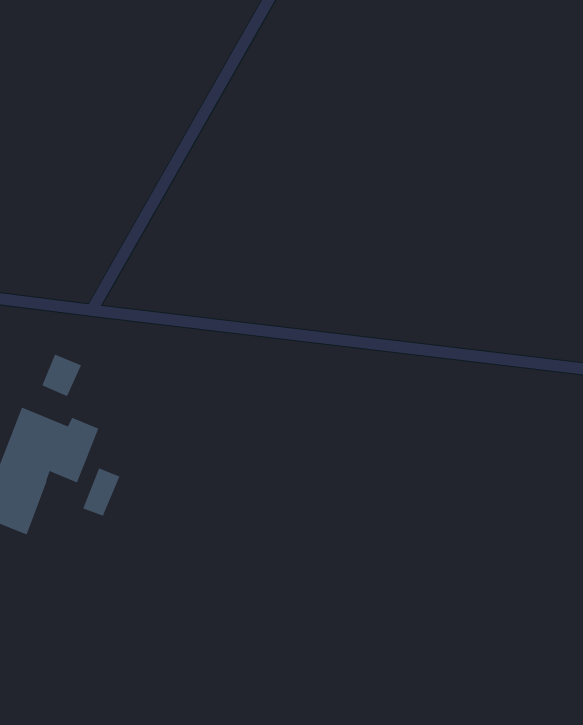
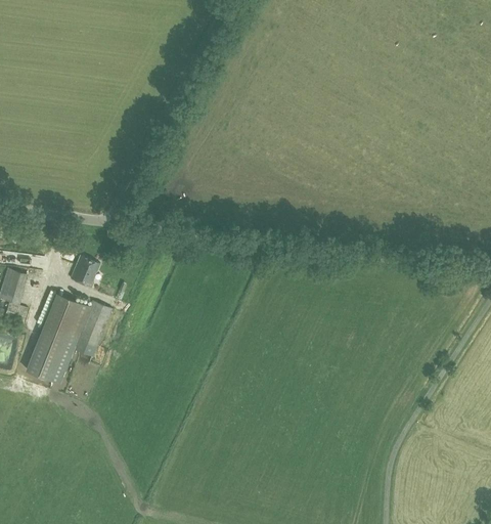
building: [82,467,120,517] -> none

